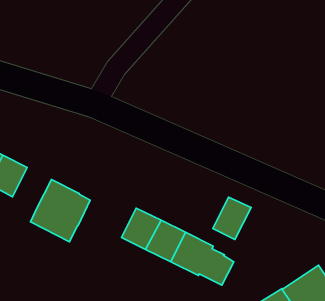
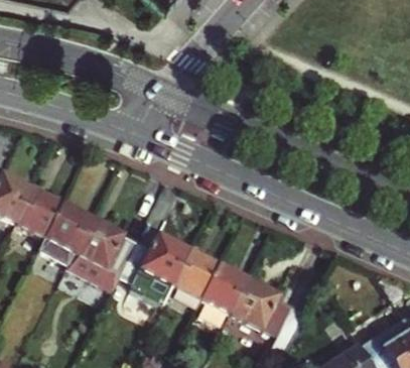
building: none -> [36,202,89,265]
building: none -> [120,233,187,283]
building: [213,197,251,240] -> none

